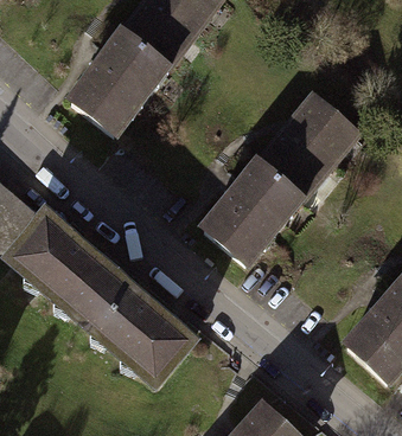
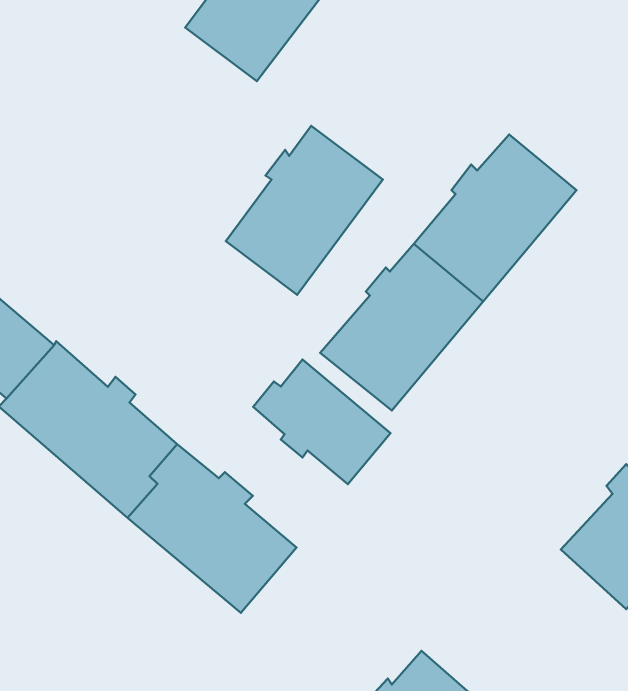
building: [72,34,166,135] -> [226,126,383,295]
building: none -> [253,359,390,484]

